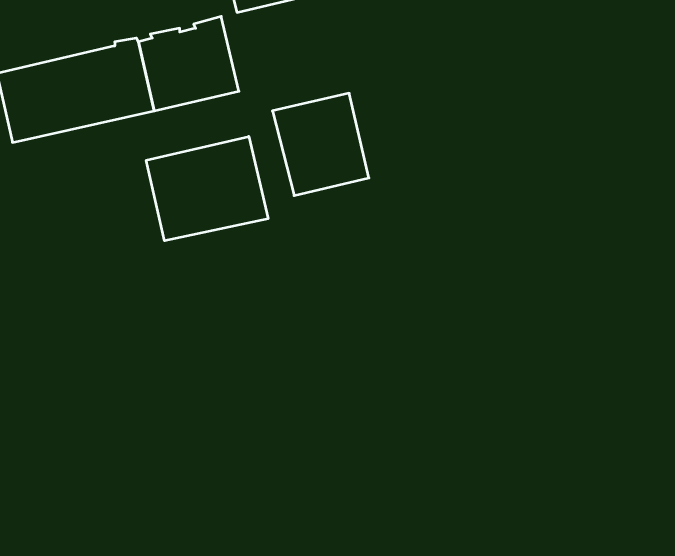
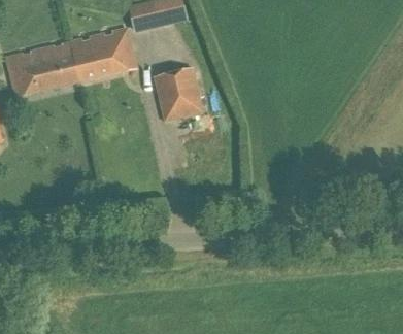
building: [146,136,268,241] -> none

